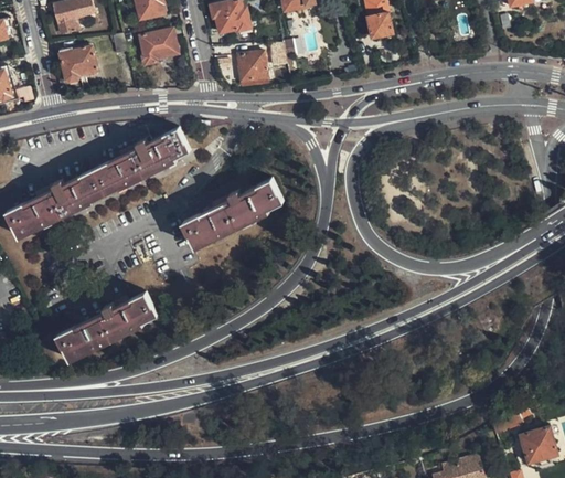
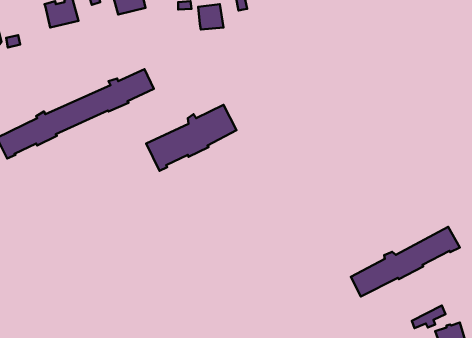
building: [54,286,159,358] -> none
building: none -> [351,227,460,297]

